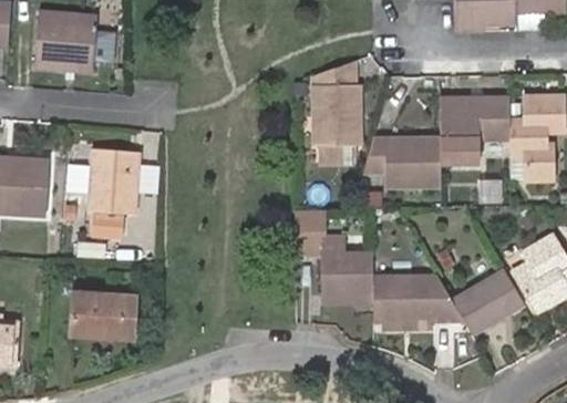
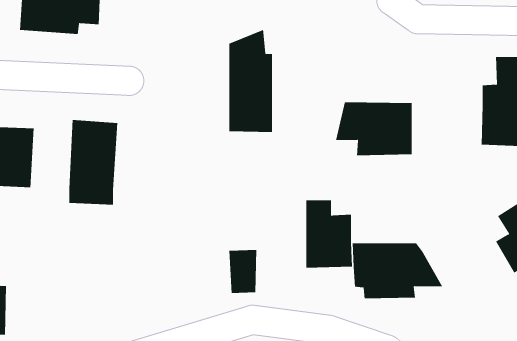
building: [310,61,354,165] -> [229,29,273,133]
building: [437,92,507,162] -> none
building: [295,211,323,256] -> [229,249,257,294]
building: [447,257,520,322] -> none
building: [79,292,148,339] -> none

